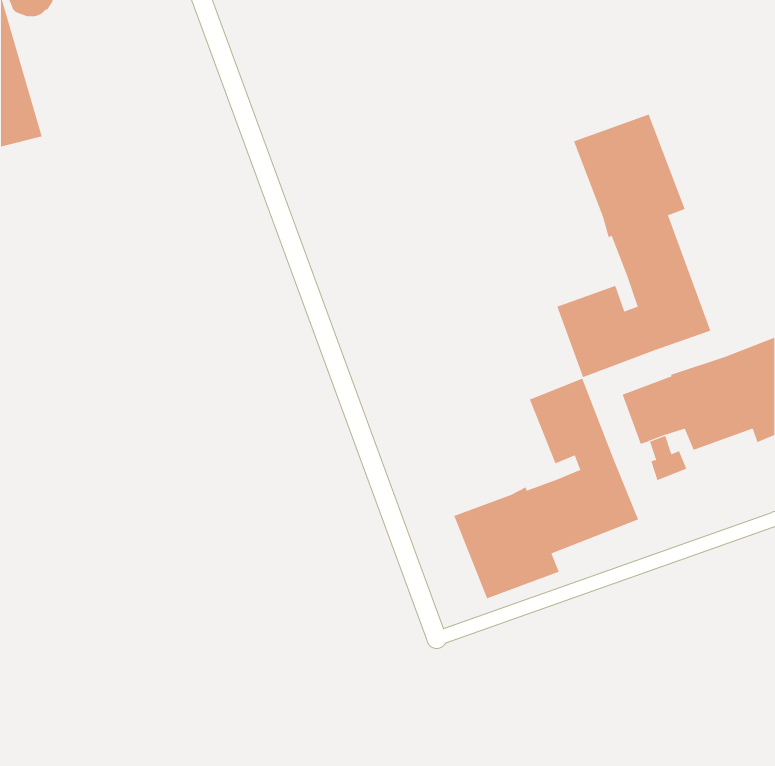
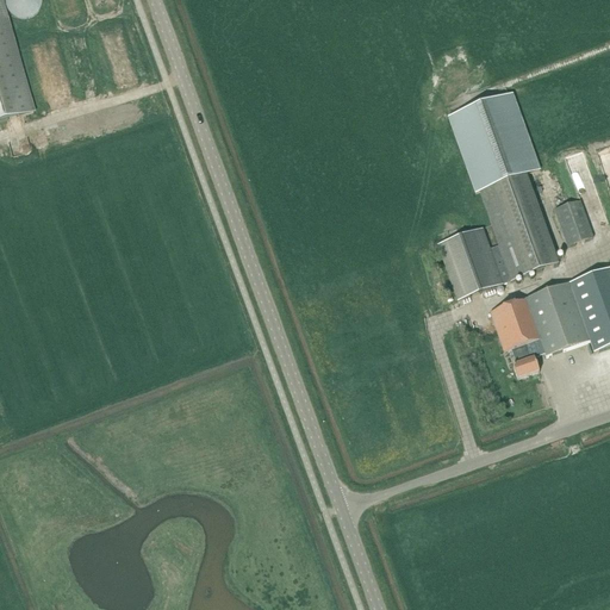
building: none -> [554,197,593,243]
building: [453,378,639,599] -> none

